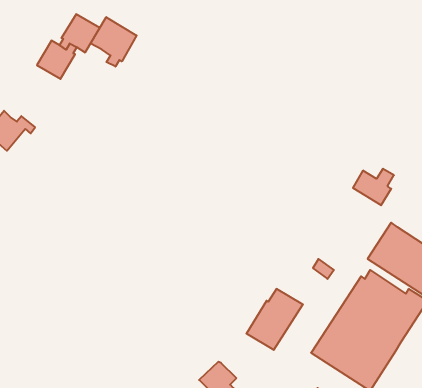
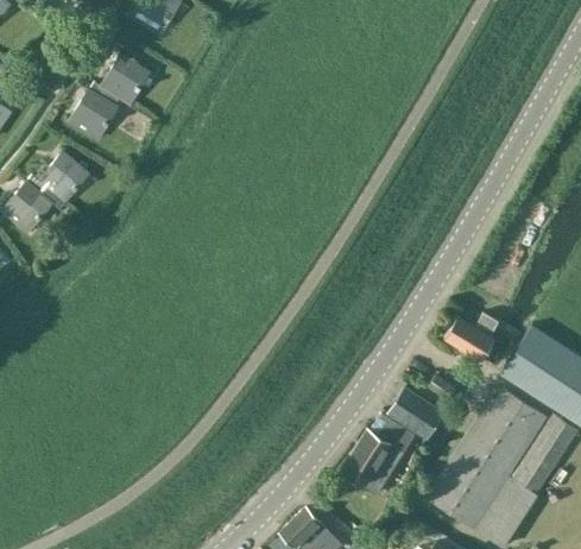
building: [91,17,137,67] -> none
building: none -> [26,151,90,202]
building: [353,169,394,205] -> [446,313,499,360]
building: none -> [389,389,444,438]

